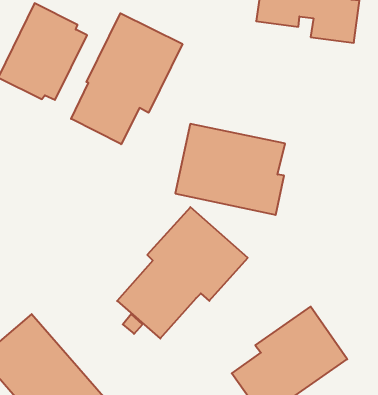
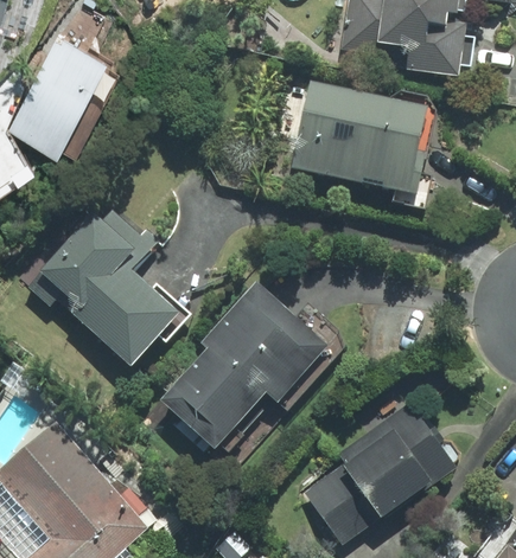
building: [71,13,182,144] -> none
building: [175,124,285,215] -> [292,82,431,197]
building: none -> [24,209,179,366]

